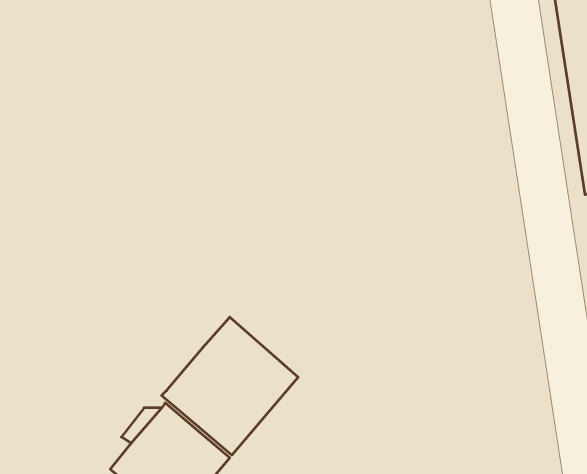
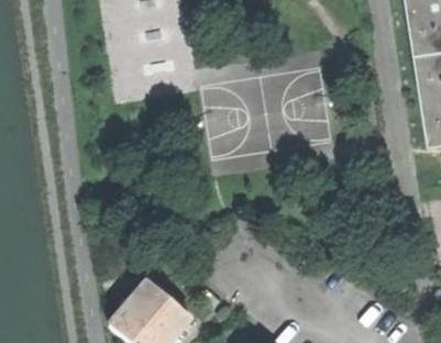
building: [162,317,298,455] -> none

